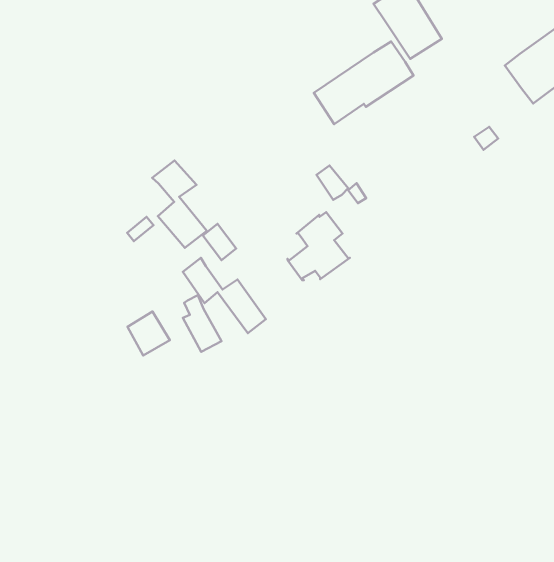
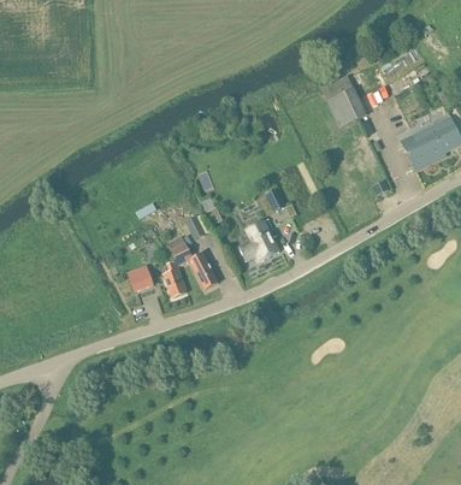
building: [314,42,413,124] -> none
building: [152,161,207,248] -> none

